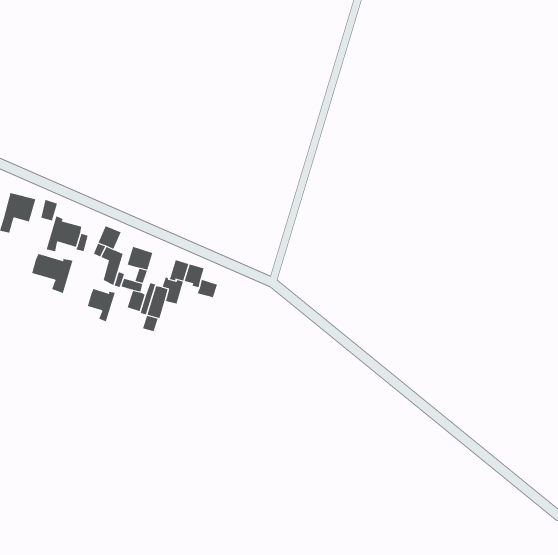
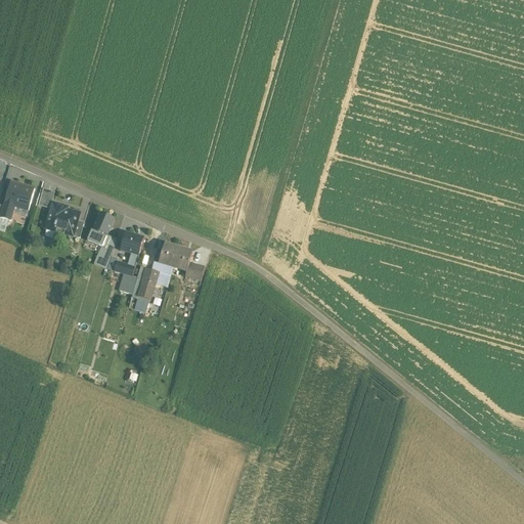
building: [32,253,73,294] -> none
building: [87,288,115,322] -> none

